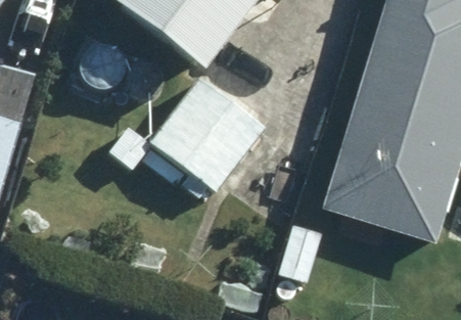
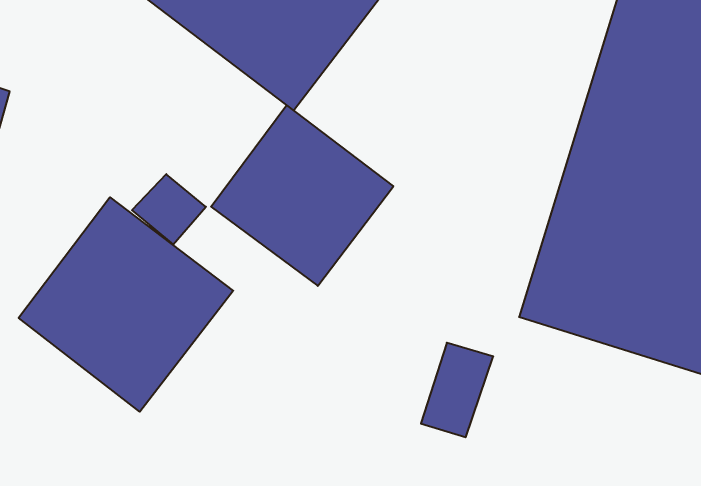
building: none -> [19,197,233,412]

